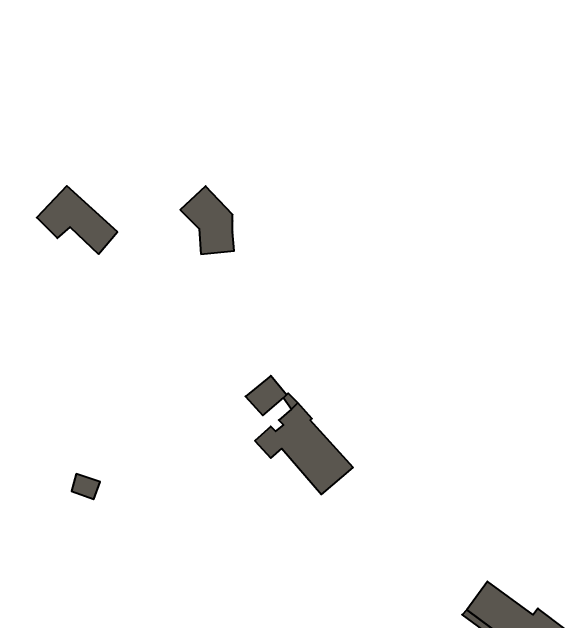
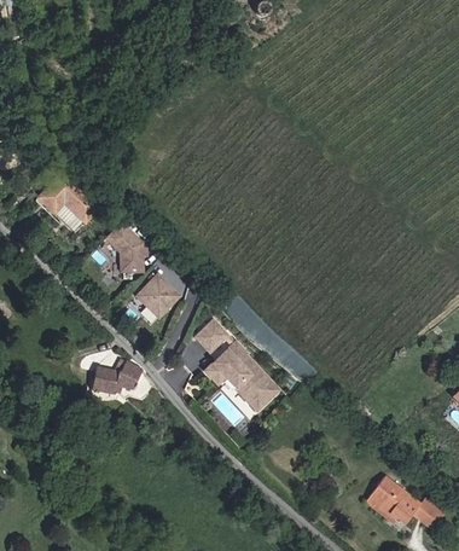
building: [180,186,234,254] -> [105,222,146,274]
building: none -> [134,273,179,318]
building: none -> [92,358,145,394]

